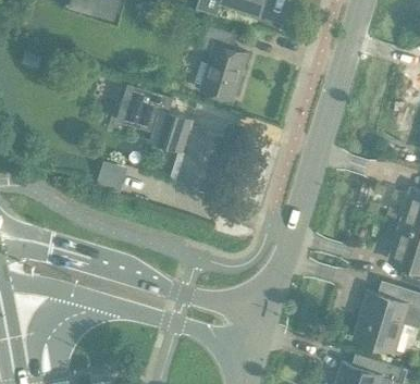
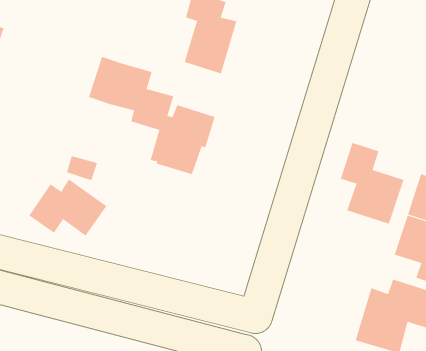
building: none -> [340,142,404,225]
building: none -> [28,179,107,237]

